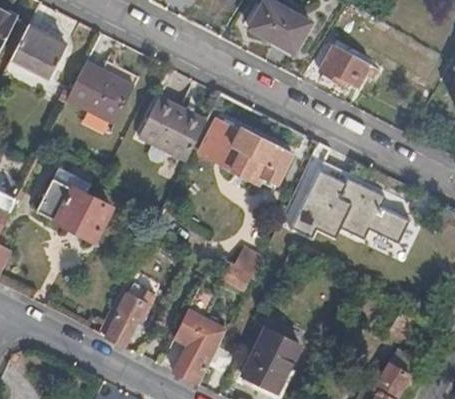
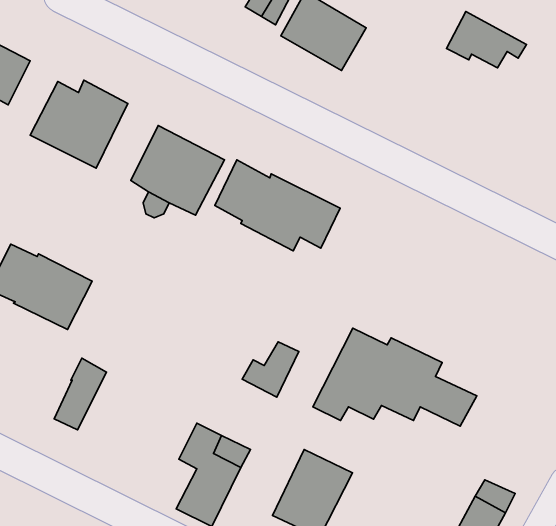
building: [320,45,378,86] -> [447,11,527,68]
building: [290,170,409,241] -> [313,328,477,426]
building: [105,293,143,345] -> [54,358,107,430]

